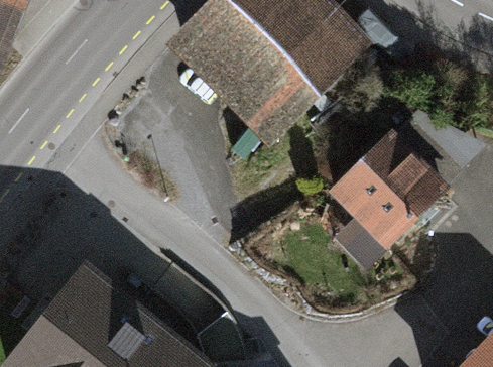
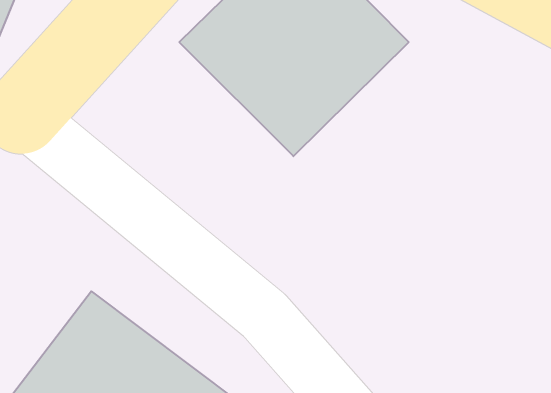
building: [326,129,443,246] -> none

